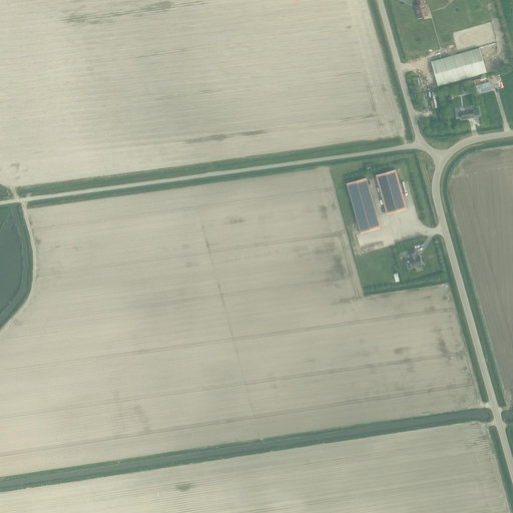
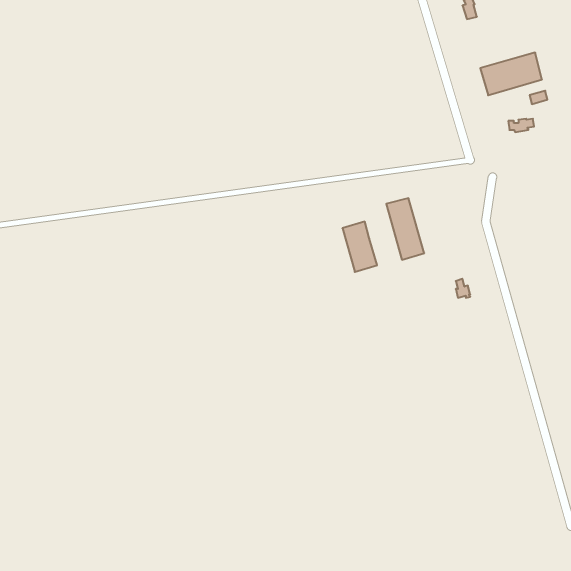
building: [375,168,406,213] -> [342,222,377,272]

